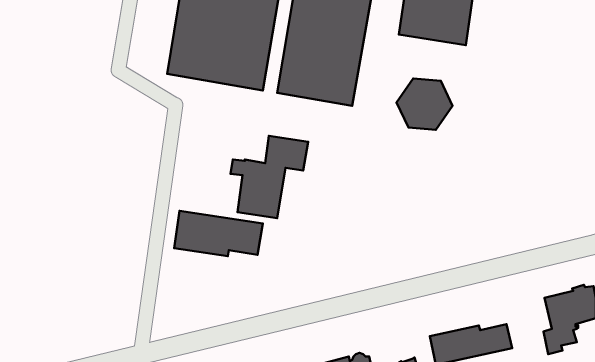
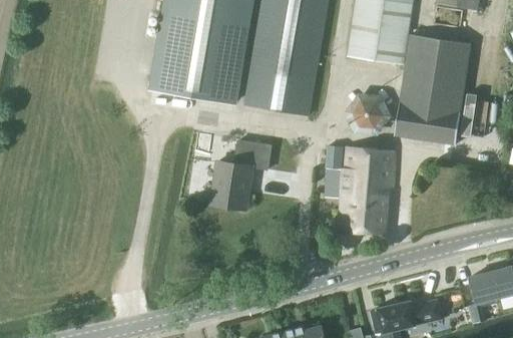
building: none -> [394,34,471,144]
building: none -> [325,147,394,234]
building: [174,211,263,256] -> none

